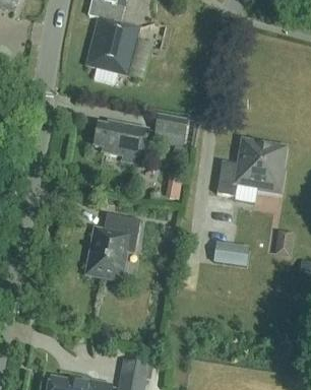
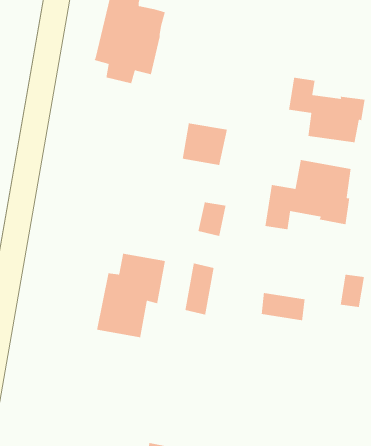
building: none -> [288,77,366,143]
building: [95,120,147,161] -> none
building: none -> [185,263,215,315]

